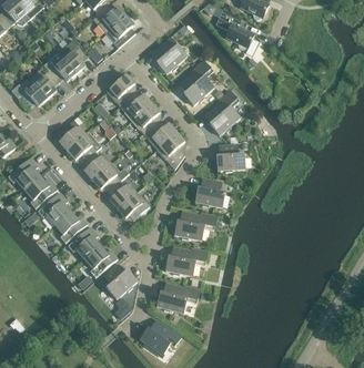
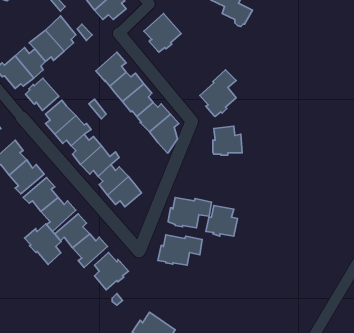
building: [178,60,213,104] -> none
building: none -> [25,78,59,110]
building: [194,177,224,206] -> [206,206,237,236]
building: none -> [24,224,61,265]
building: [156,282,199,313] -> none

